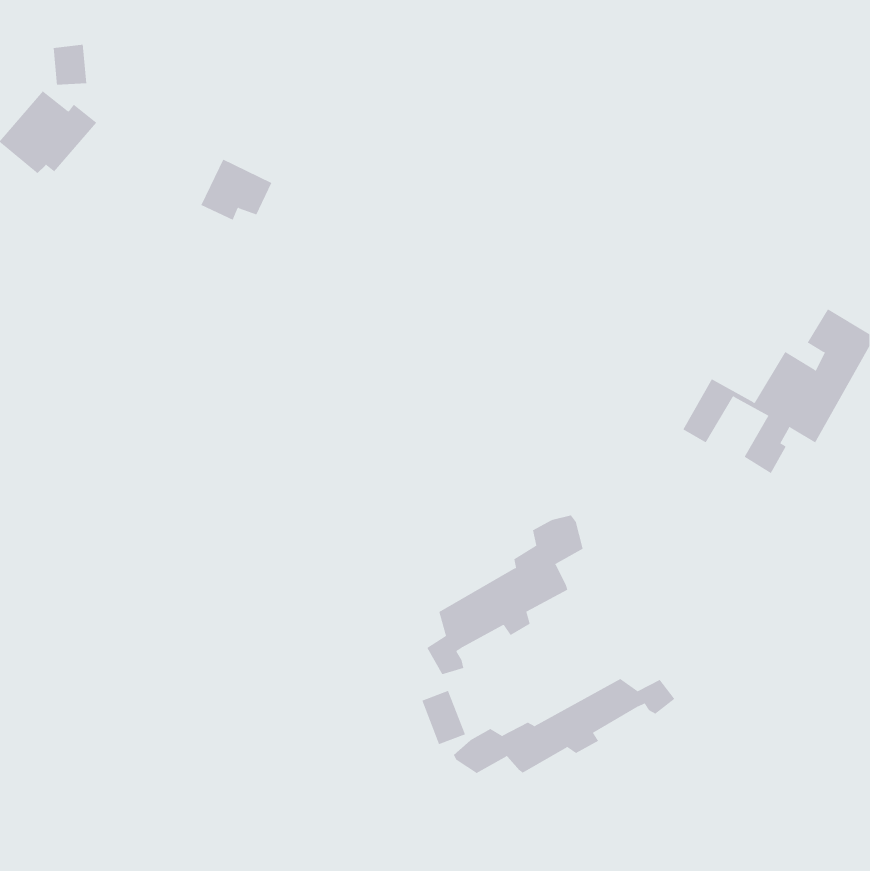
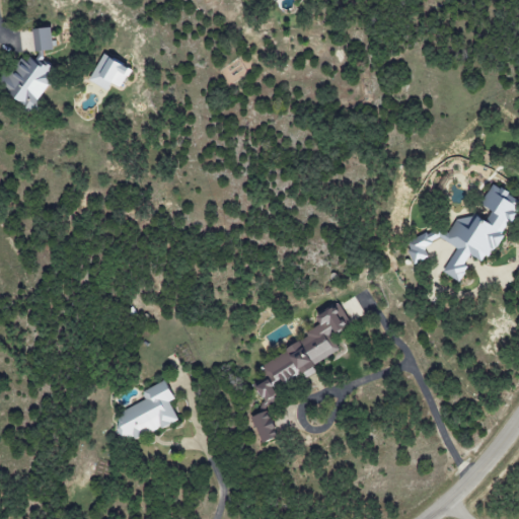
building: [201,159,272,220] -> [88,54,131,90]
building: none -> [115,380,177,443]
building: [453,678,675,774] -> none

